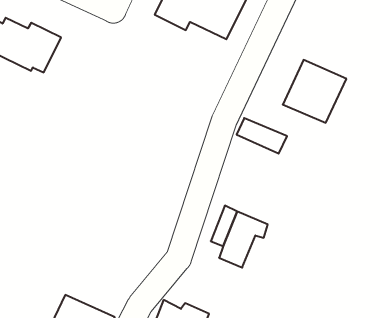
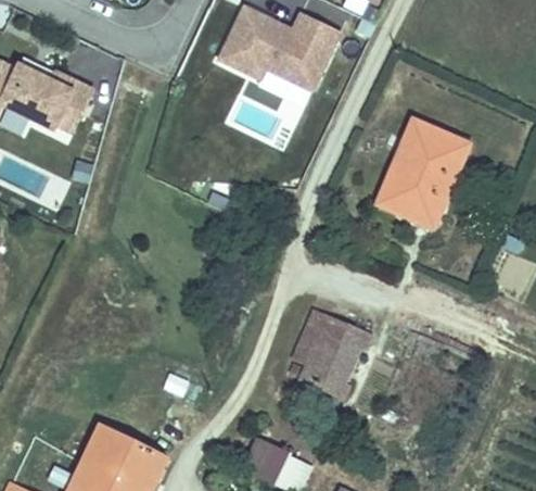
building: [237,118,287,154] -> [377,176,443,223]

